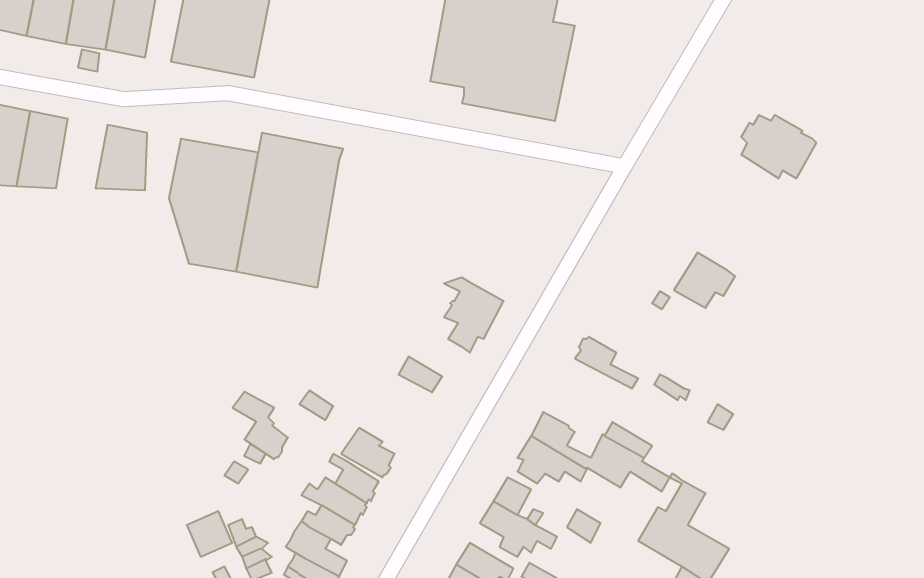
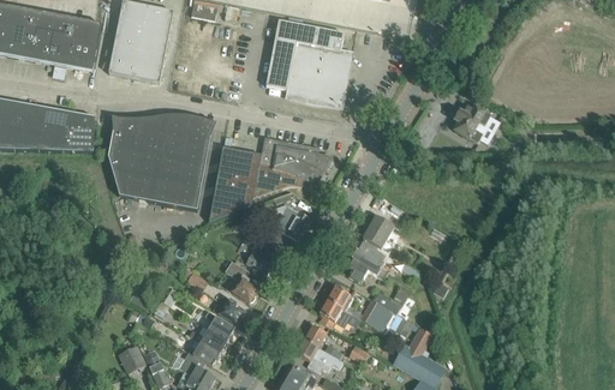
building: none -> [38,107,70,149]
building: none -> [207,136,330,221]
building: [674,252,735,308] -> [362,214,399,247]
building: none -> [346,252,388,281]
building: [233,392,288,459] -> [223,260,257,301]

